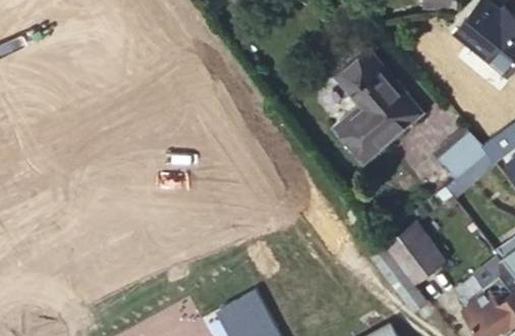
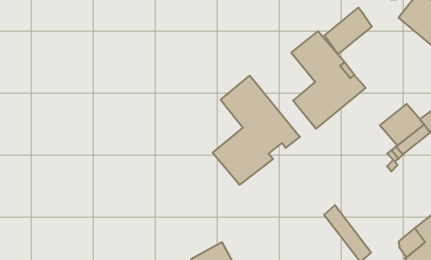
building: none -> [324,8,372,54]
building: none -> [213,76,300,185]
building: [387,221,445,282] -> none

